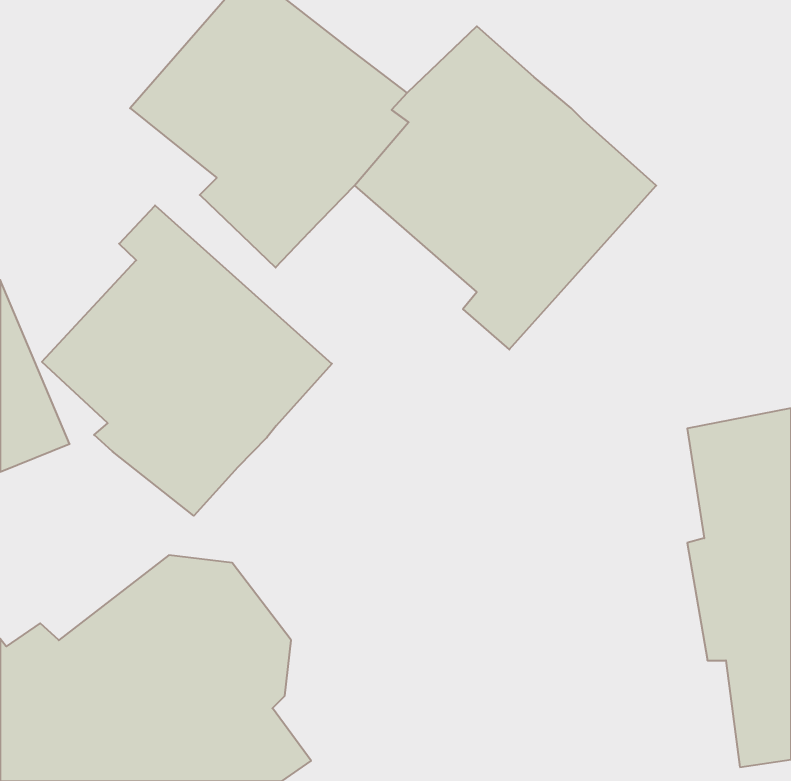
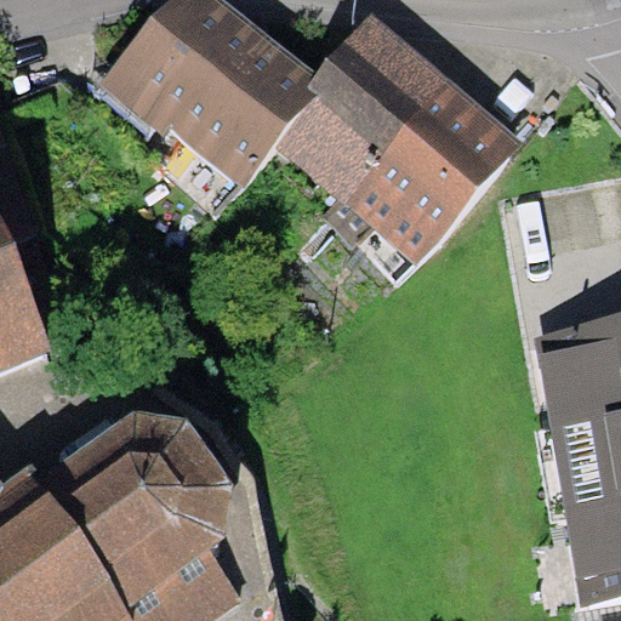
building: [42,205,332,516] -> none

